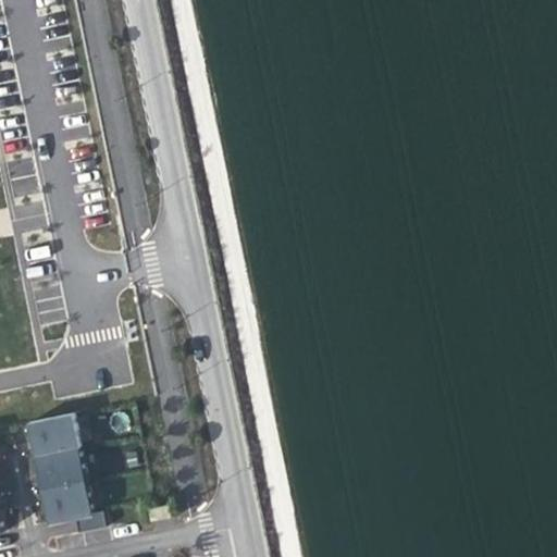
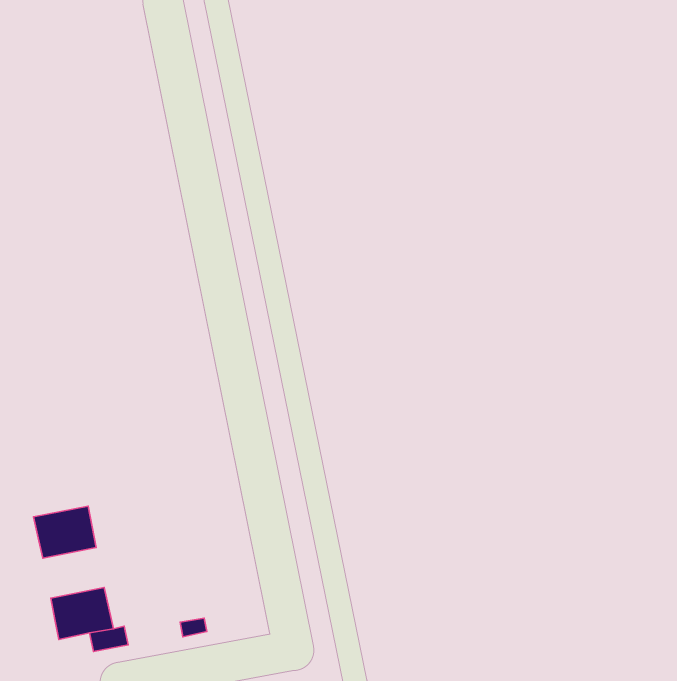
building: [35,447,85,488] -> none

